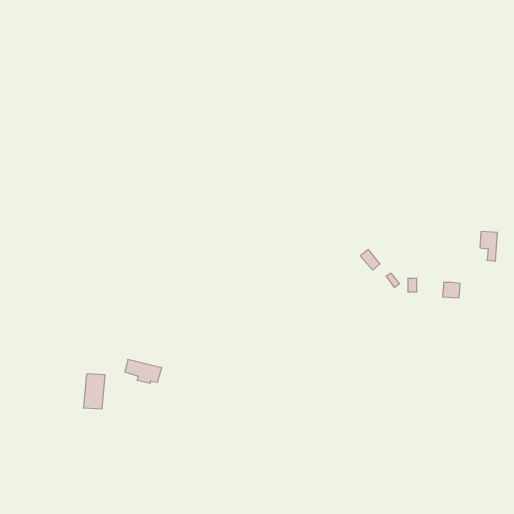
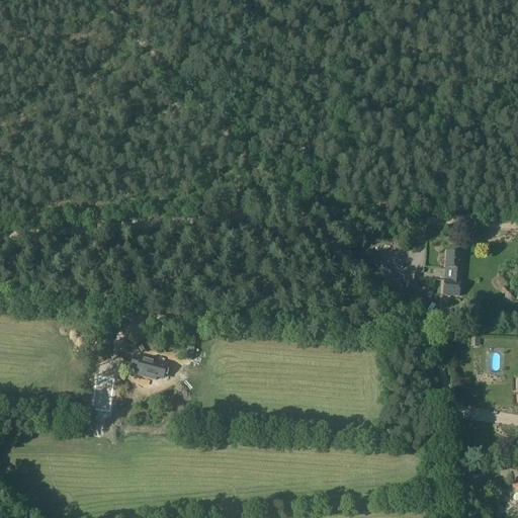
building: [480,231,497,261] -> [445,252,462,281]

